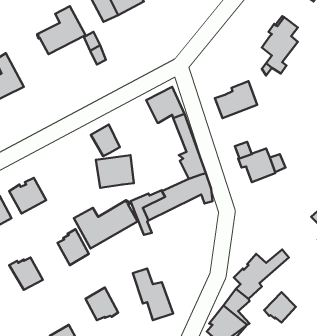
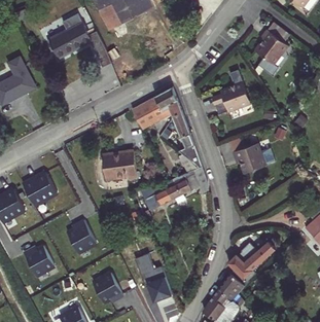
building: [91,125,120,156] -> [131,100,157,129]
building: [74,200,138,248] -> none
building: [264,292,296,323] -> none

